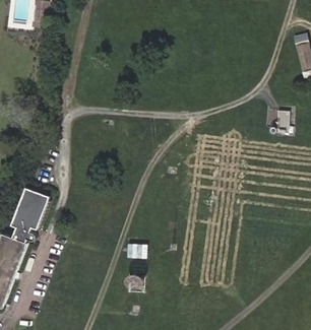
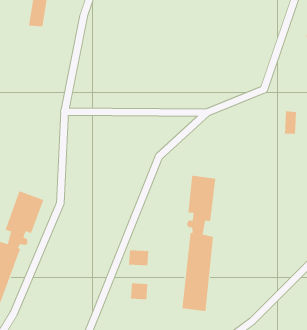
building: none -> [182,175,216,312]

